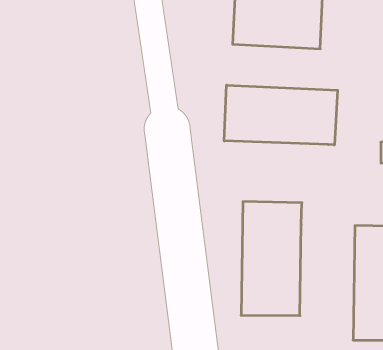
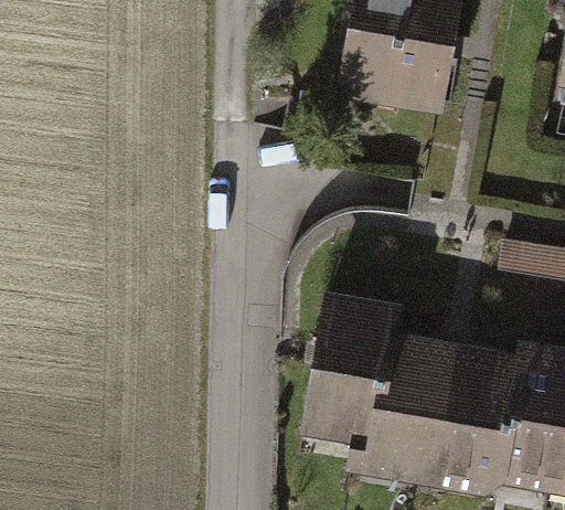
building: [224,85,338,145] -> none
building: none -> [371,331,457,480]

